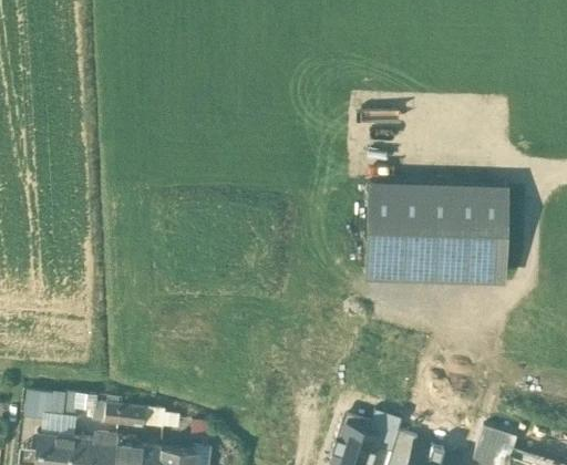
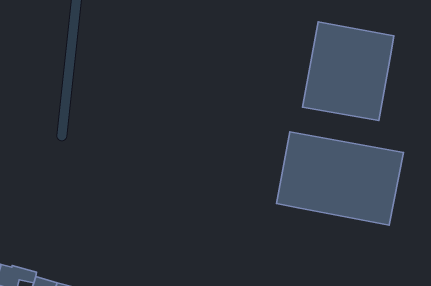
building: none -> [302,22,394,120]

